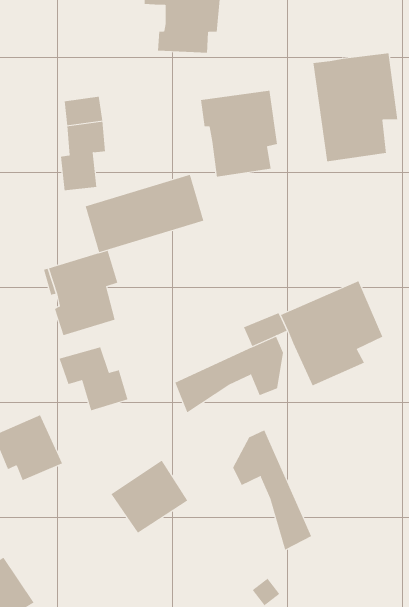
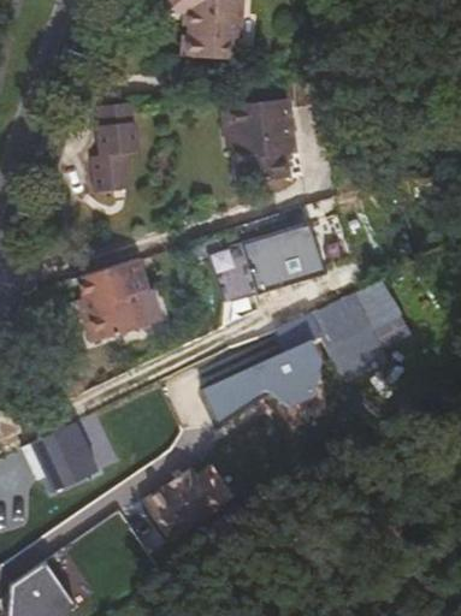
building: [313,53,398,162] -> none
building: [85,174,204,253] -> [202,227,319,304]
building: [59,347,128,411] -> none
building: [232,429,312,550] -> none

